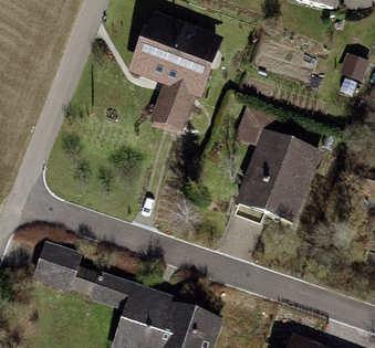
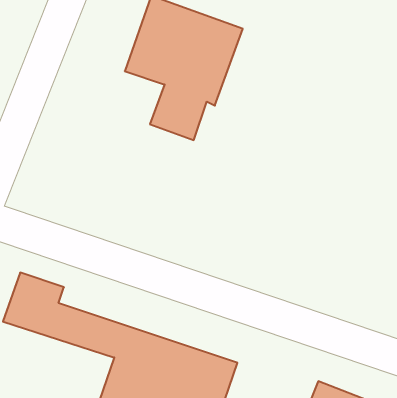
building: [228,104,317,221] -> none

